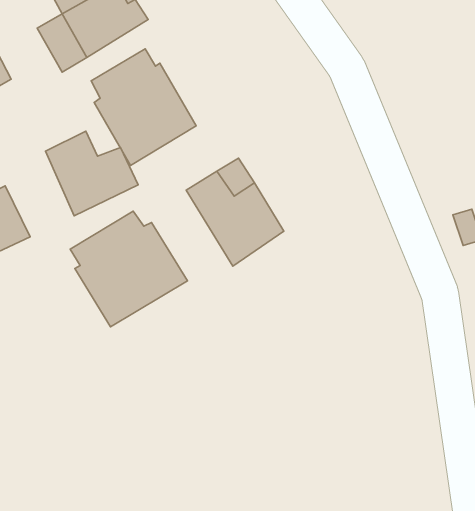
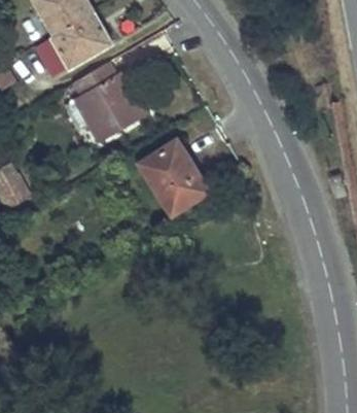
building: [45,131,138,216] -> none
building: [70,211,187,327] -> none

